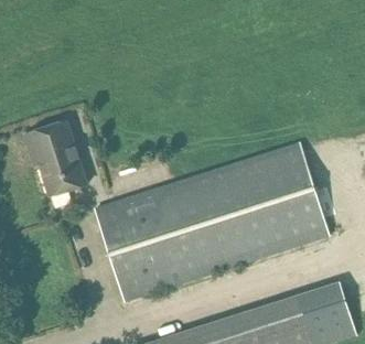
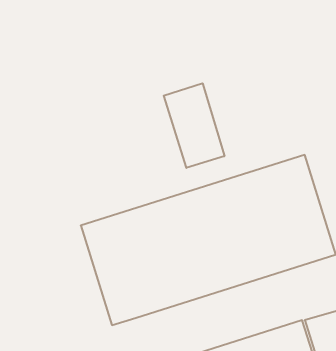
building: none -> [164,83,224,168]
building: [24,121,86,196] -> none

